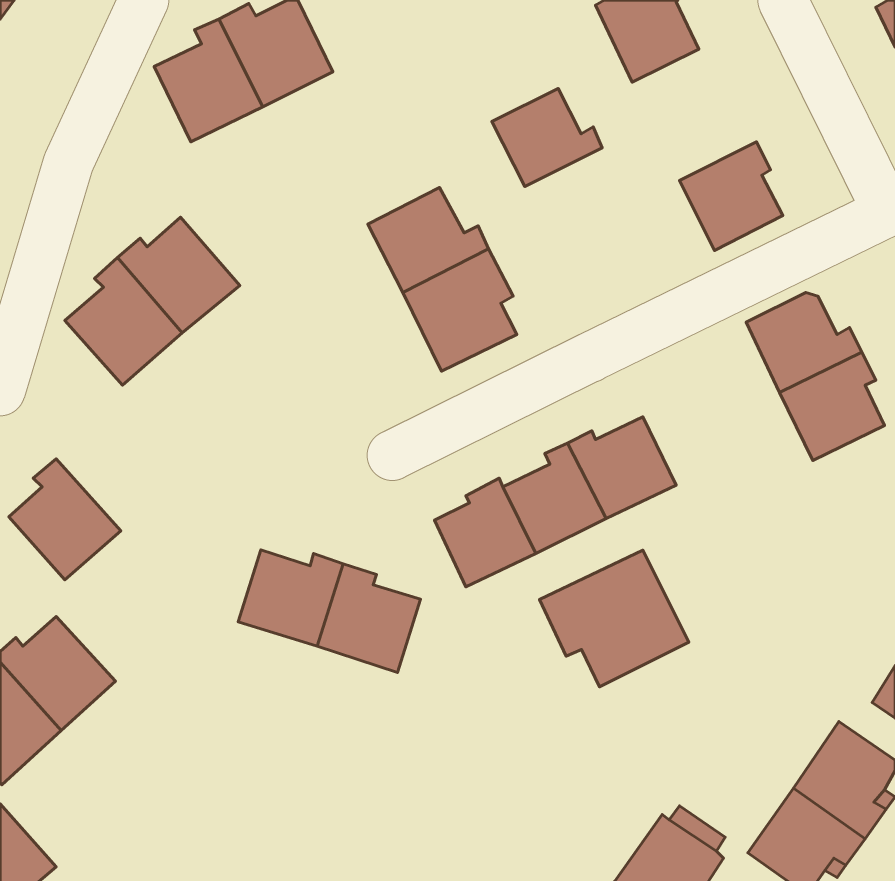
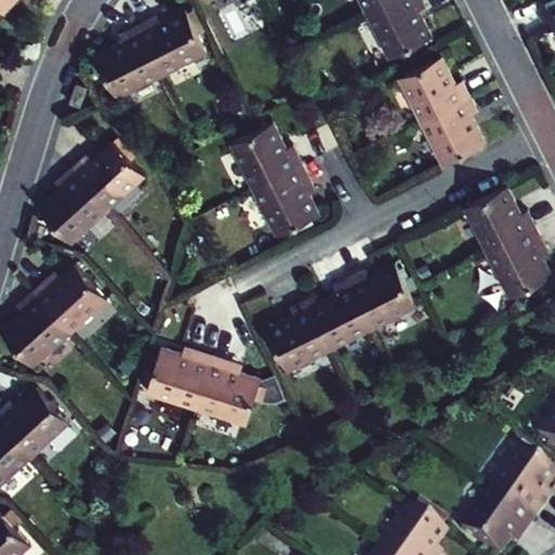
building: [492,88,602,186] -> [400,60,468,120]
building: none -> [35,263,113,337]
building: [539,550,689,687] -> none

